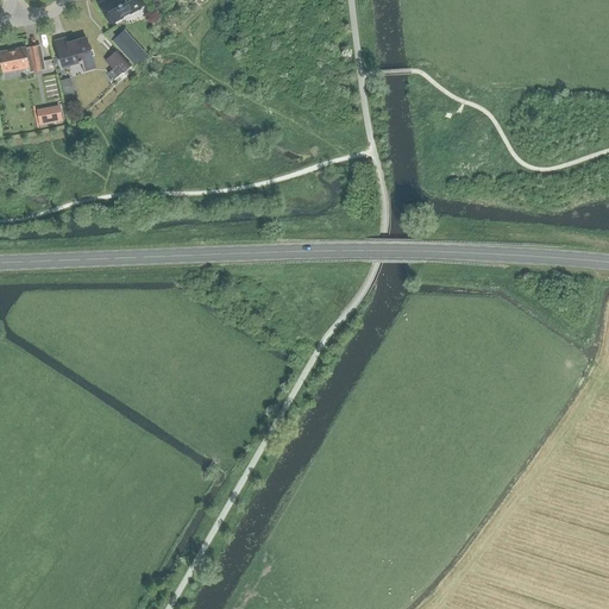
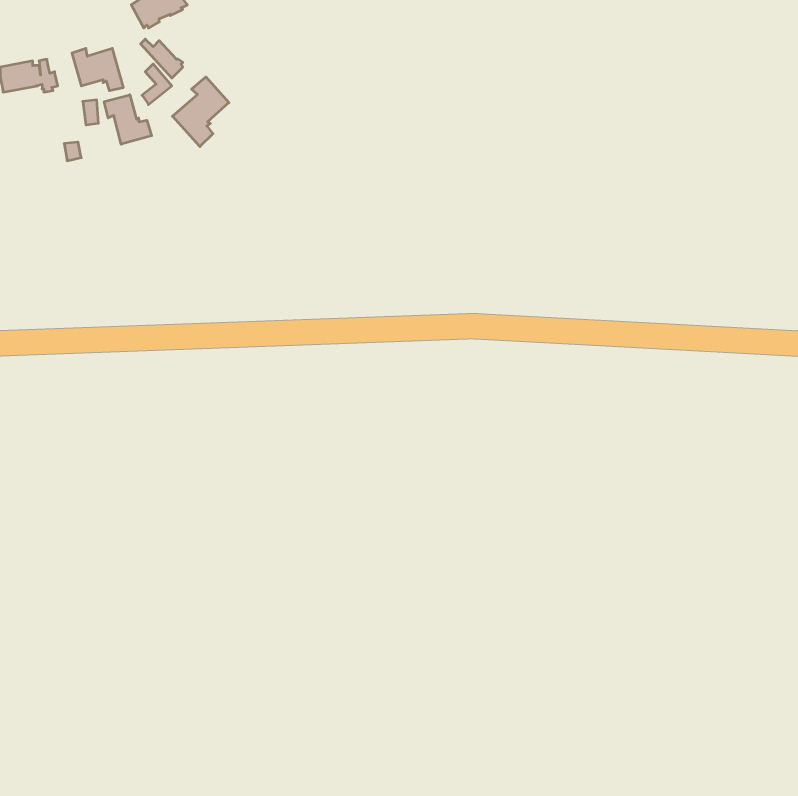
building: none -> [172,77,229,147]
building: none -> [104,95,152,144]

